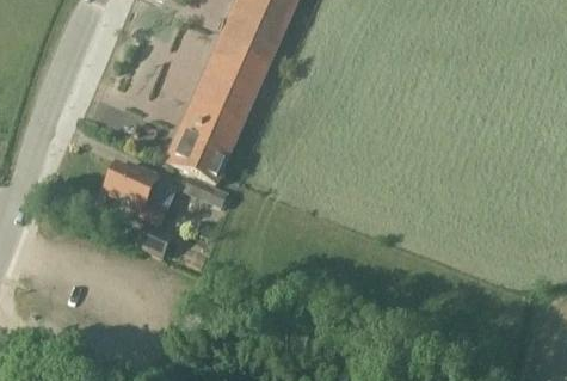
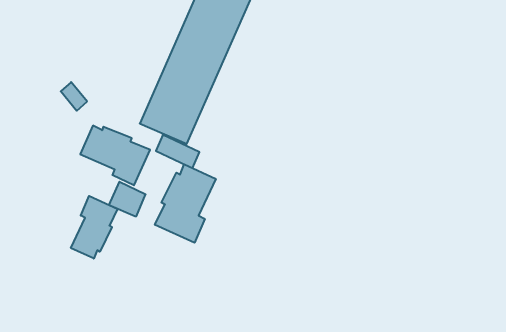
building: none -> [155,164,216,243]
building: none -> [71,196,118,259]

